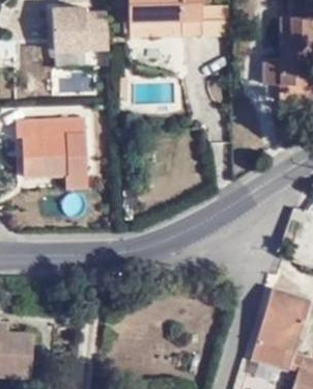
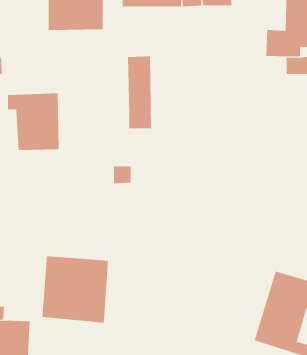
building: [62,117,86,188] -> [127,56,152,129]
building: none -> [42,256,109,323]

